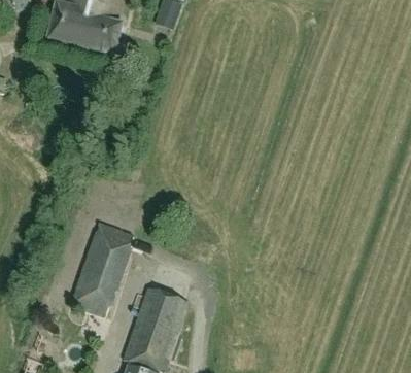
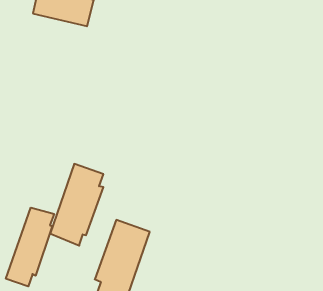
building: none -> [6,208,54,286]

